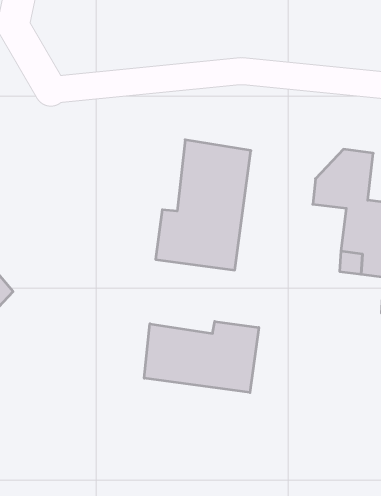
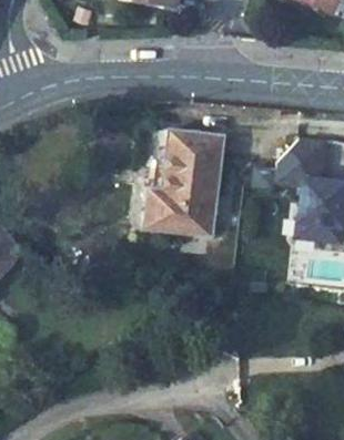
building: [144,321,259,393] -> none

